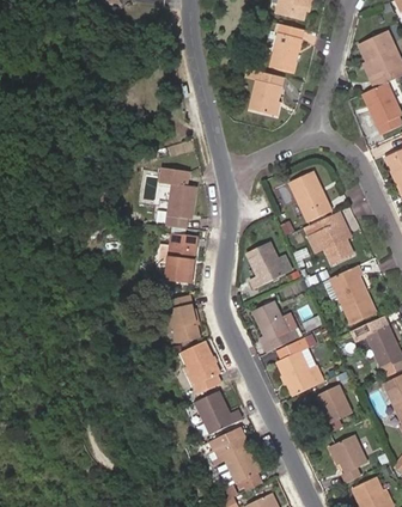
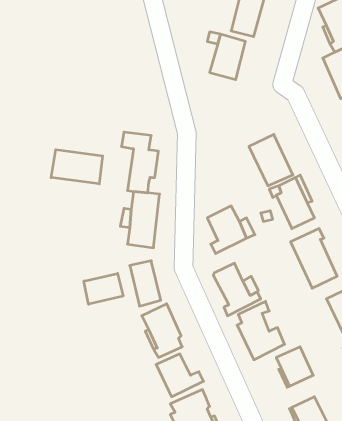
building: none -> [51,150,103,184]
building: none -> [84,273,123,304]

